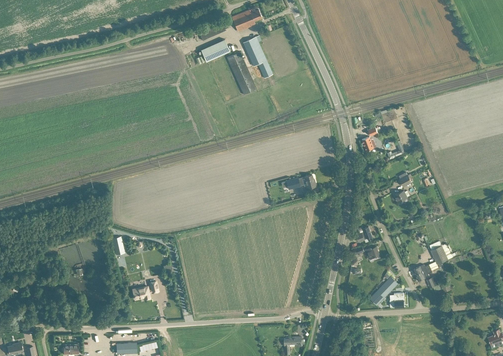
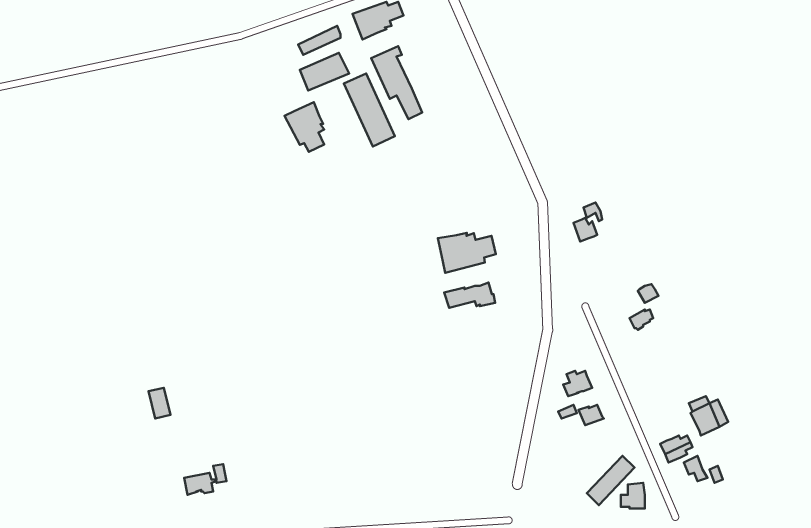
building: none -> [284,102,324,152]
building: none -> [438,233,496,273]

